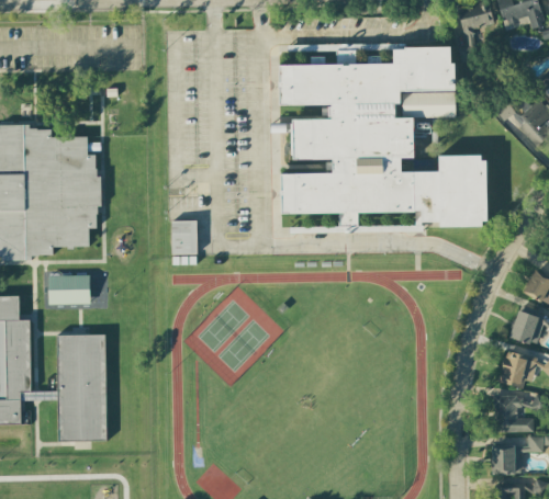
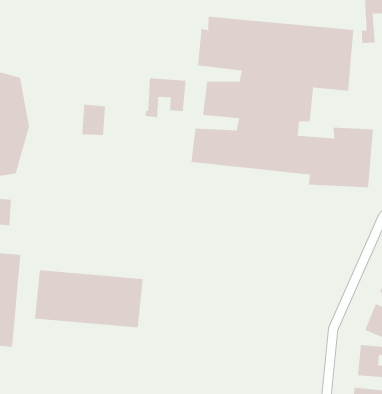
building: none -> [145,78,186,118]
building: [171,220,198,254] -> [82,104,106,136]
building: none -> [34,269,143,328]

